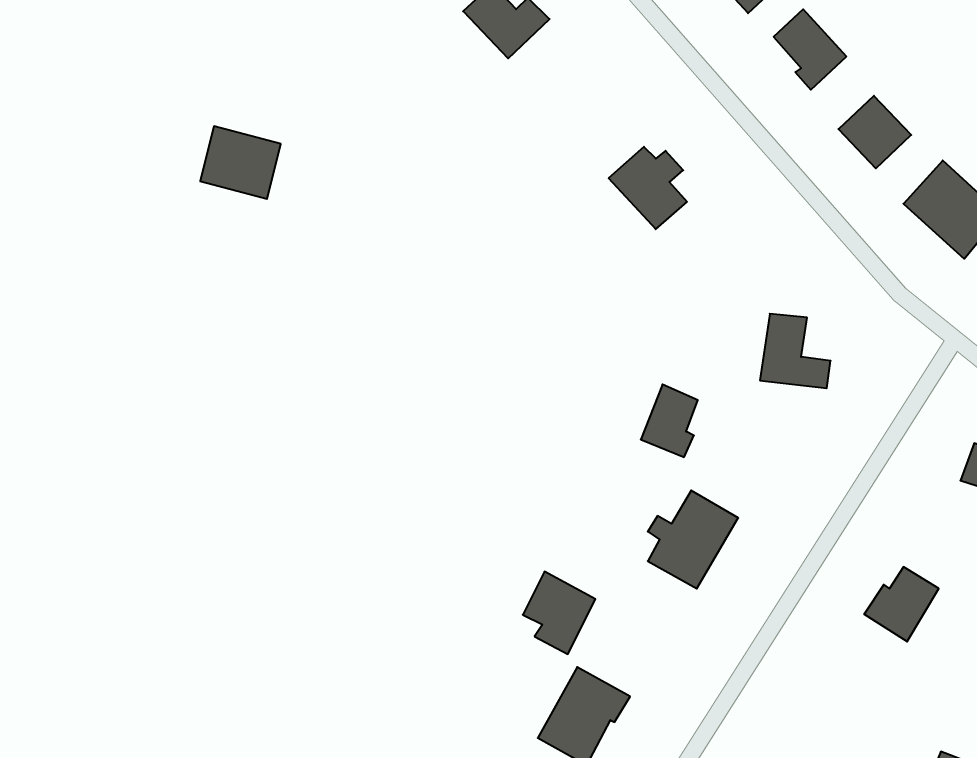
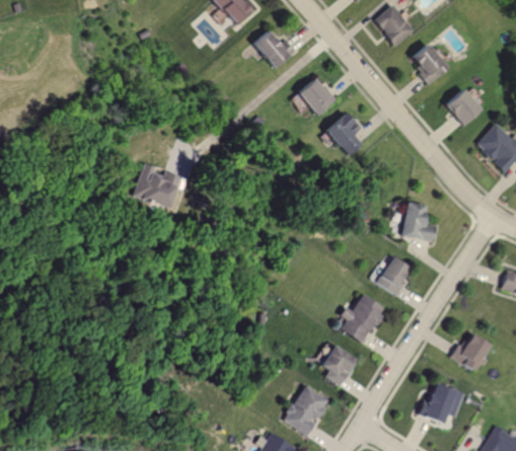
building: none -> [294,76,336,118]
building: [200,126,281,199] -> [139,170,180,208]
building: [641,384,698,457] -> [381,256,411,294]
building: [523,572,595,654] -> [322,344,360,386]
building: none -> [426,382,468,424]

